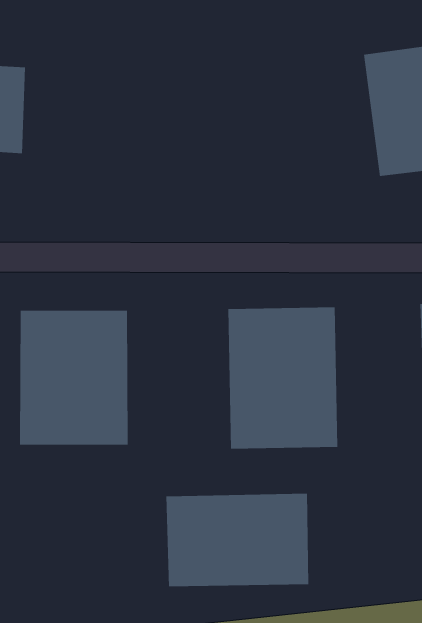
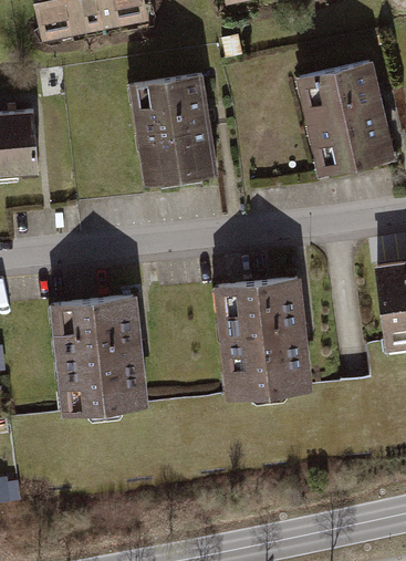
building: none -> [131,75,219,188]
building: [166,493,309,587] -> none

